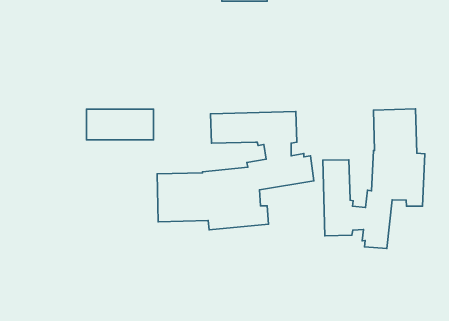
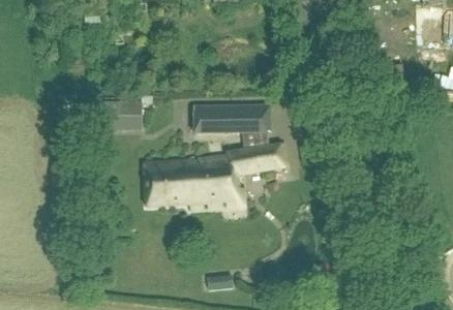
building: [323,109,425,249] -> none

